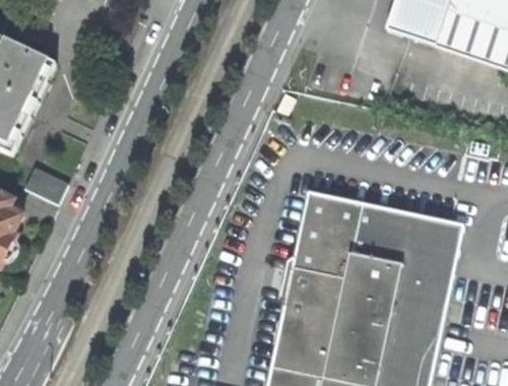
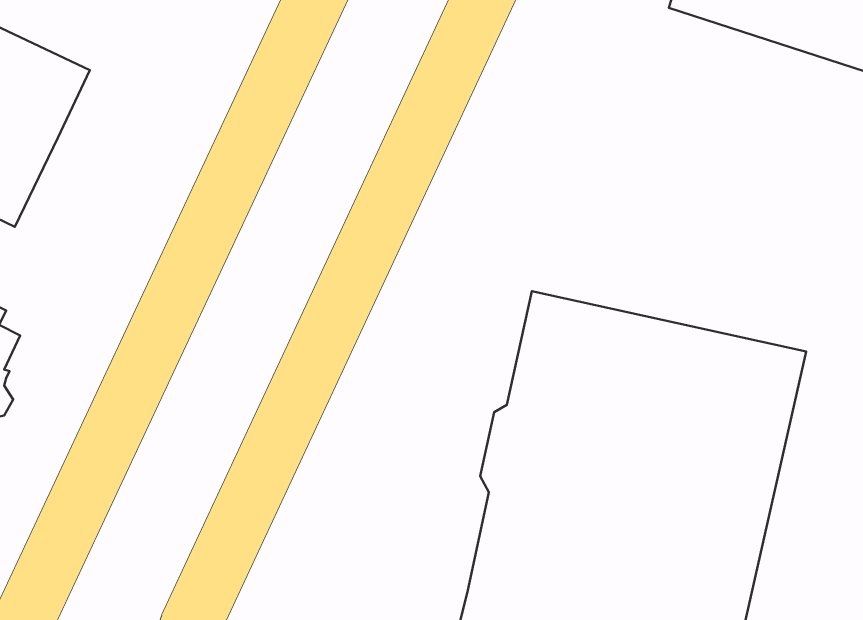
building: [23,165,67,202] -> none

